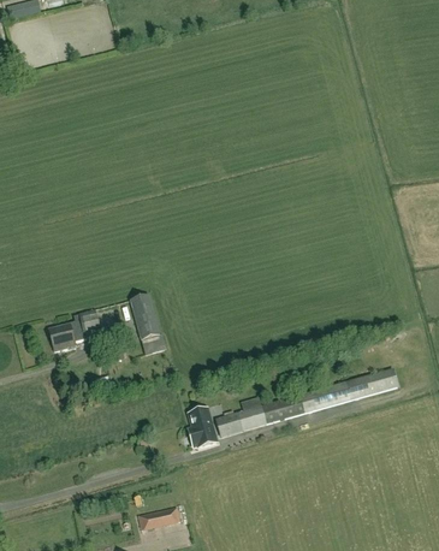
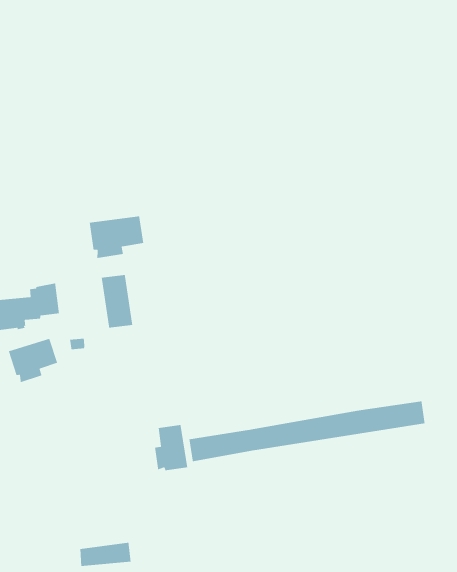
building: none -> [89,215,144,259]
building: none -> [8,338,58,383]

